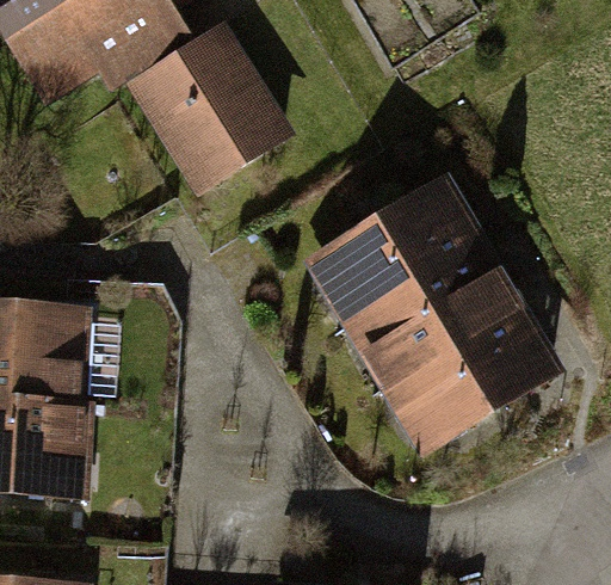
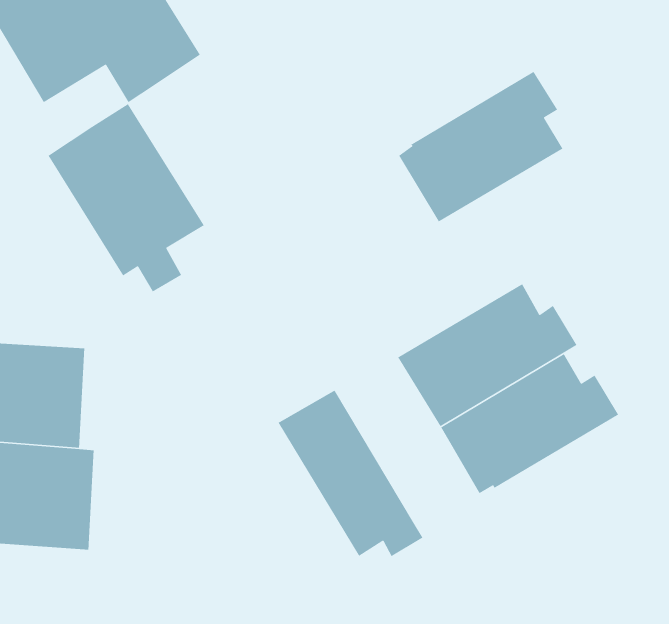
building: [143,30,283,198] -> [48,103,205,293]
building: [321,184,468,319] -> [398,71,564,223]
building: none -> [278,390,424,557]

